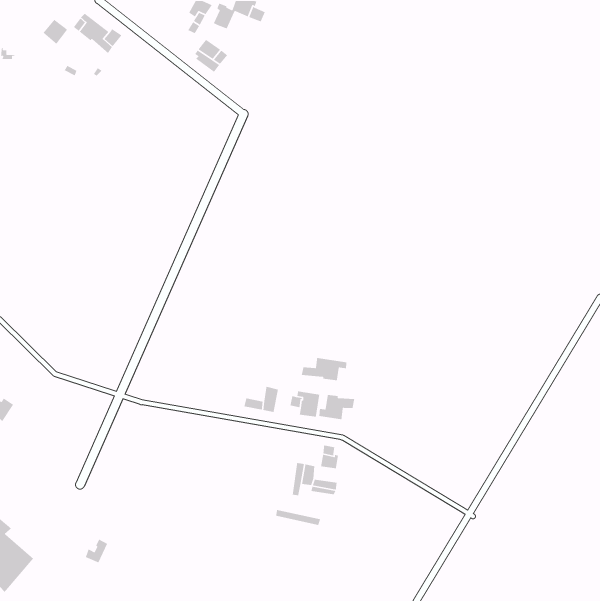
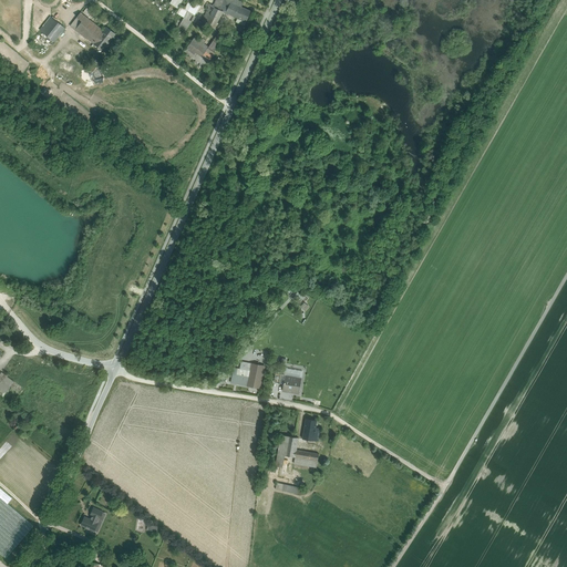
building: [301,357,347,381] -> none
building: [319,394,355,420] -> none

